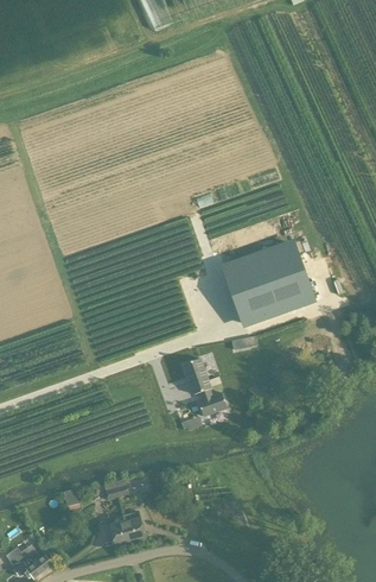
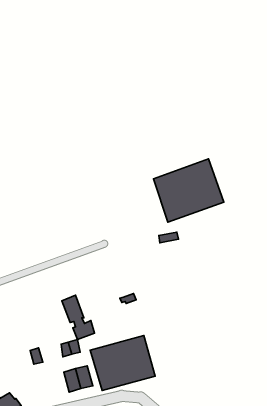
building: [180,354,223,412] -> [62,295,95,340]
building: none -> [90,335,155,390]

